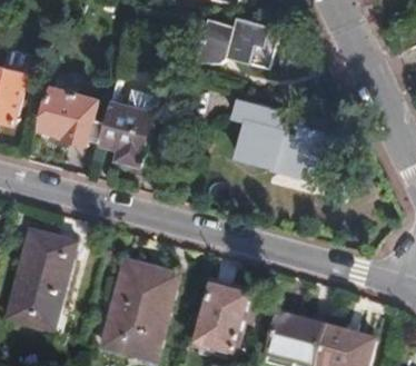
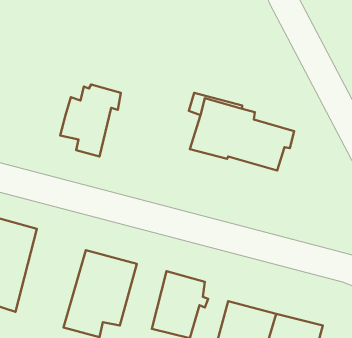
building: [202,16,278,68] -> none
building: [41,88,102,142] -> none

